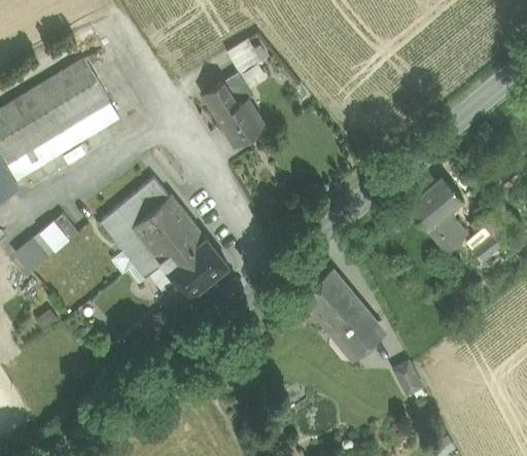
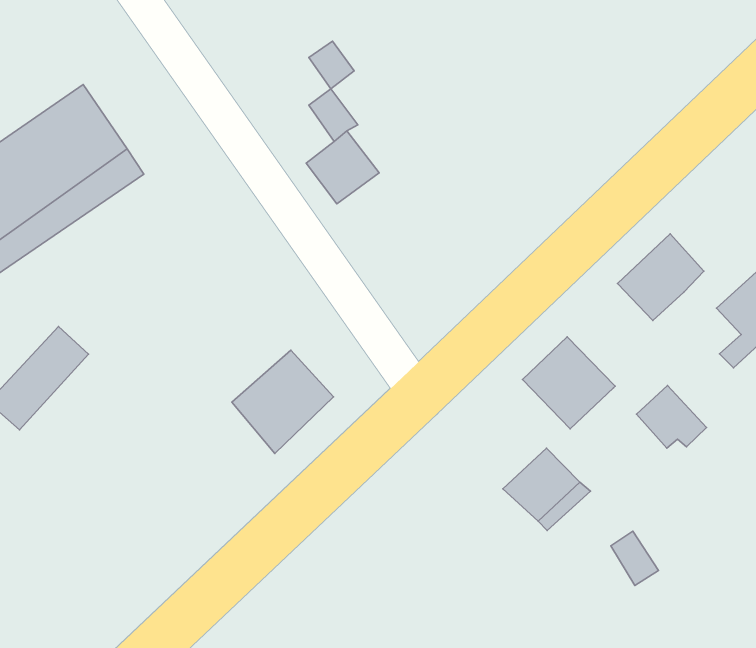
building: [204,82,238,118] -> none
building: [102,180,202,277] -> none
building: [429,215,472,254] -> [636,386,706,448]
building: [301,273,358,330] -> [522,337,615,429]

